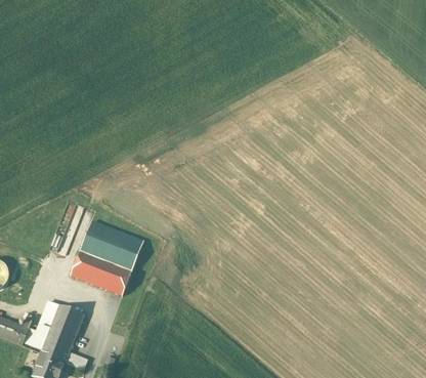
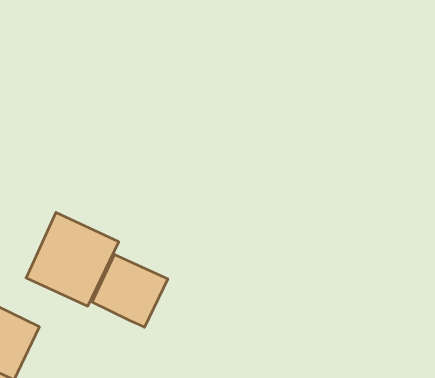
building: none -> [92,254,168,327]

